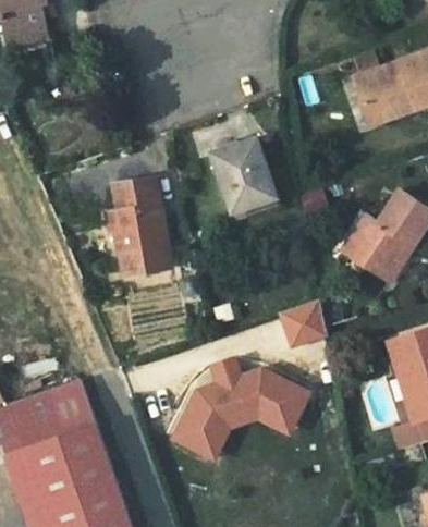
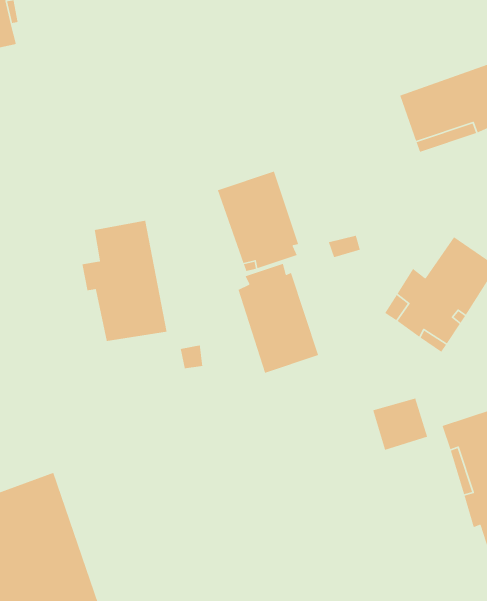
building: none -> [238,263,319,374]
building: [279,304,323,346] -> [372,398,428,451]
building: [171,359,305,458] -> none

